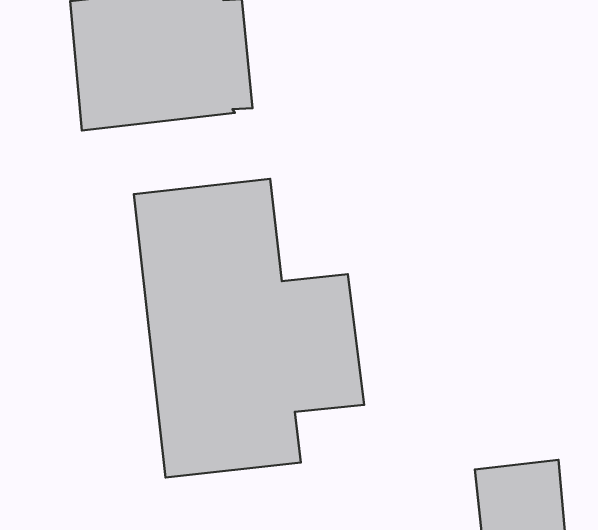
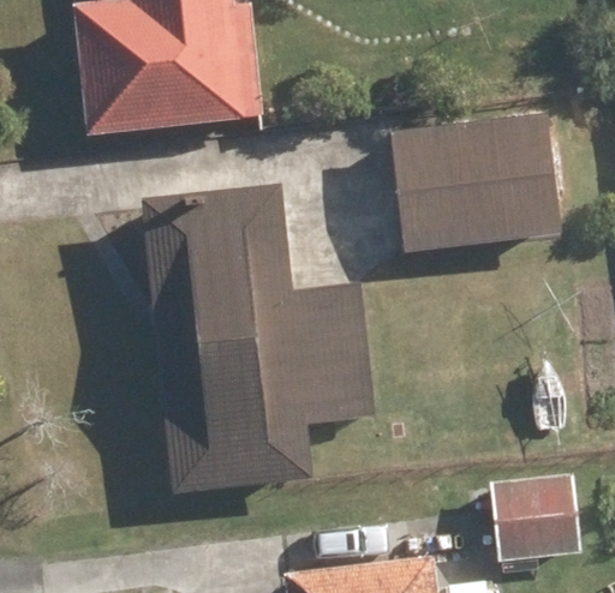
building: none -> [393,115,560,250]

